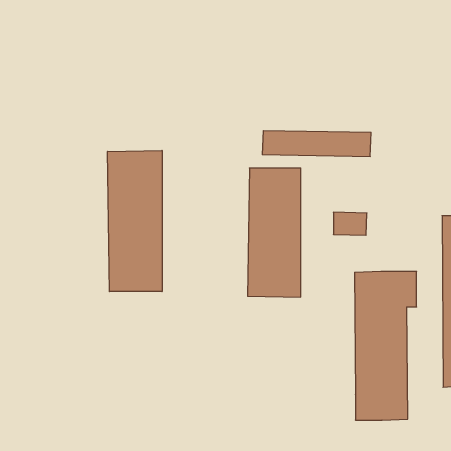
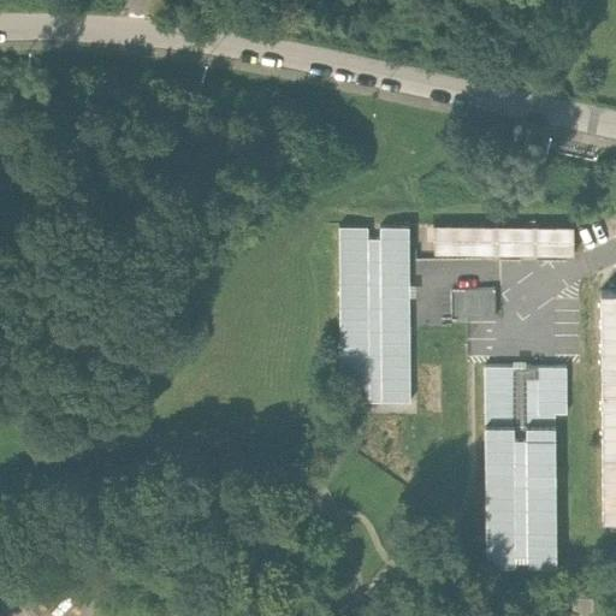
building: [262,131,371,156] -> [433,223,581,257]
building: [108,150,162,292] -> none

